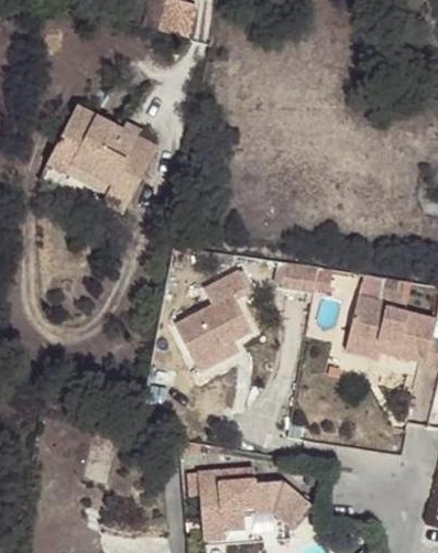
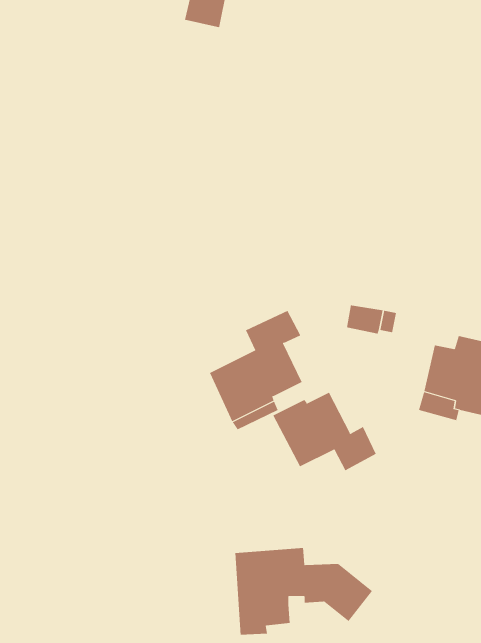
building: [43,105,152,204] -> none
building: none -> [272,392,377,471]

